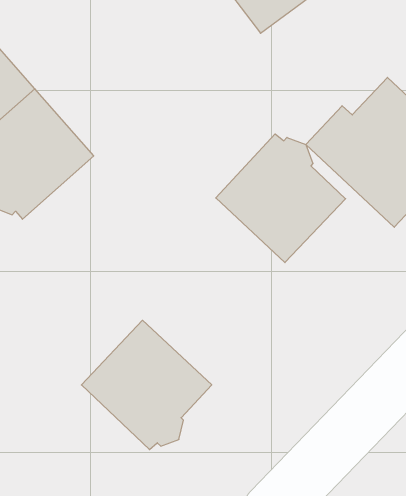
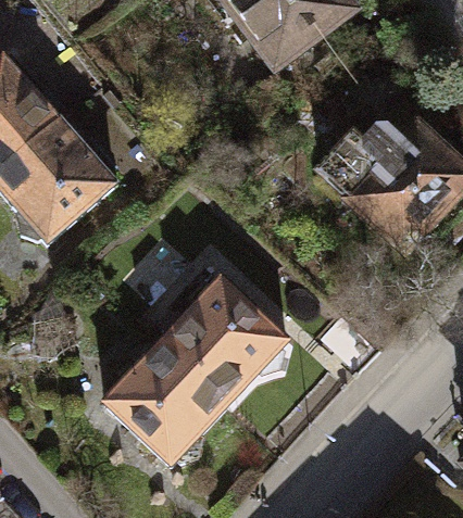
building: [216,134,346,263] -> none
building: none -> [164,275,289,400]

